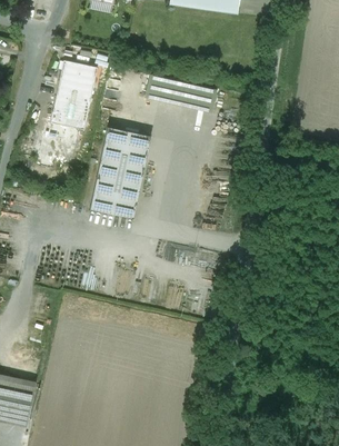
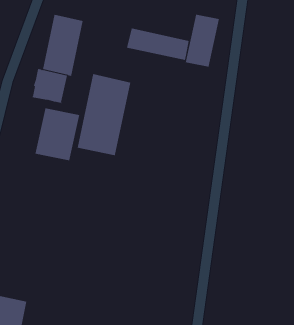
building: none -> [185,14,220,68]
building: none -> [35,107,80,161]

